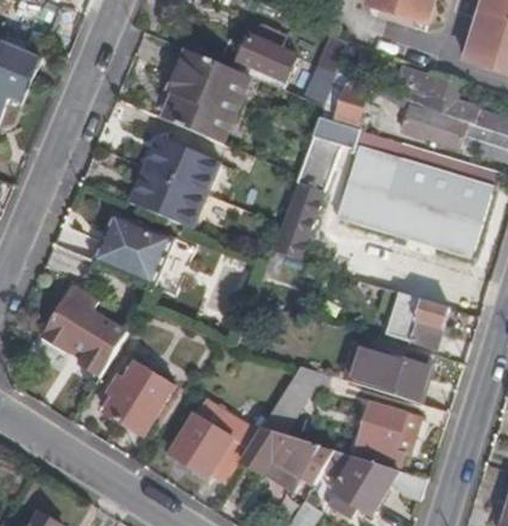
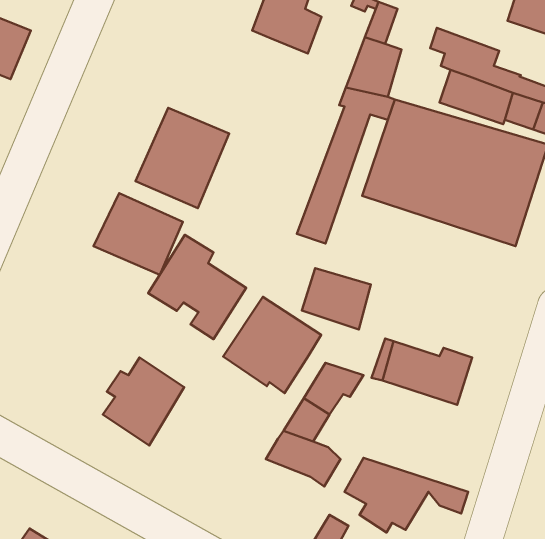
building: [162,47,251,141] -> none
building: [37,281,124,374] -> [148,235,246,339]
building: [384,292,445,346] -> [302,268,371,329]
building: [170,397,257,483] -> [223,297,321,393]
building: [352,402,414,462] -> none

